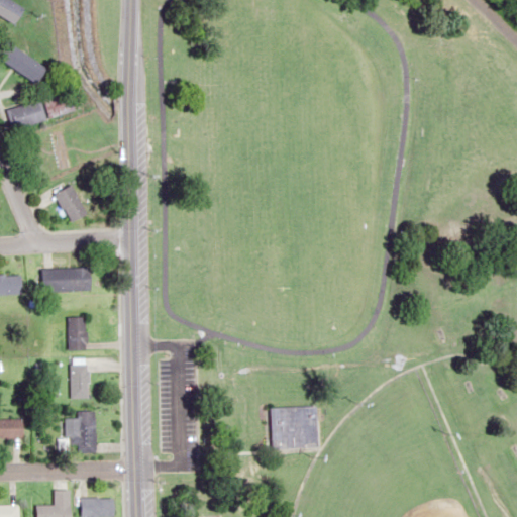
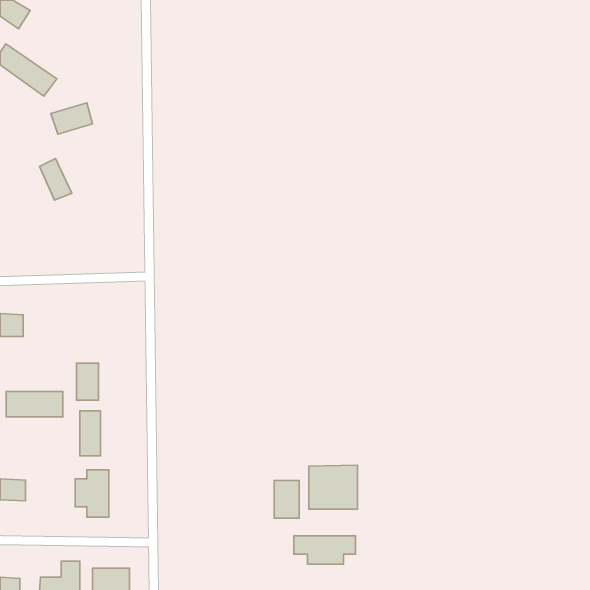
building: [7,100,48,131] -> none
building: [57,186,89,224] -> none
building: [42,269,92,291] -> [6,391,63,417]
building: none -> [274,481,299,518]
building: none -> [294,536,355,564]

